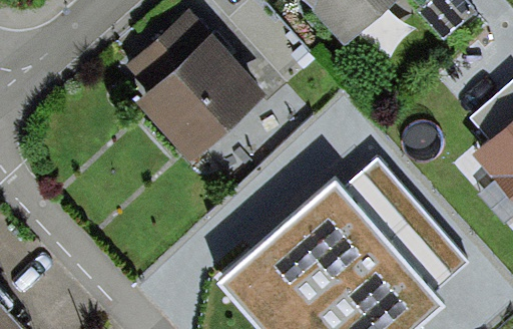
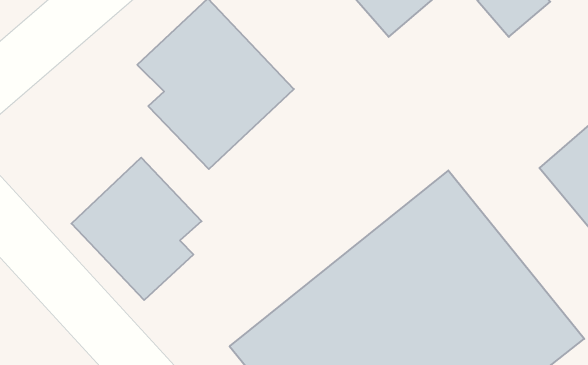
building: none -> [71,158,202,300]

